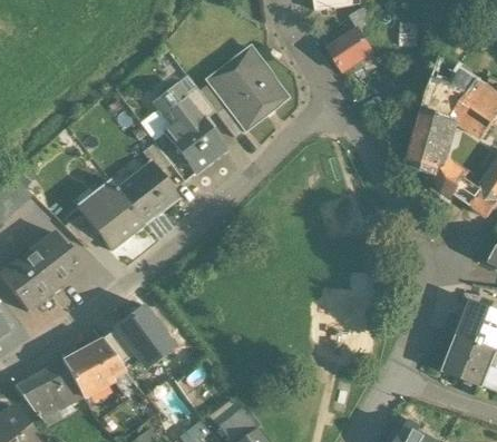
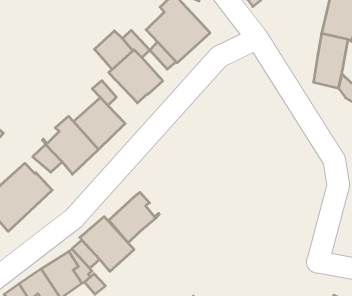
building: none -> [109,192,159,243]

